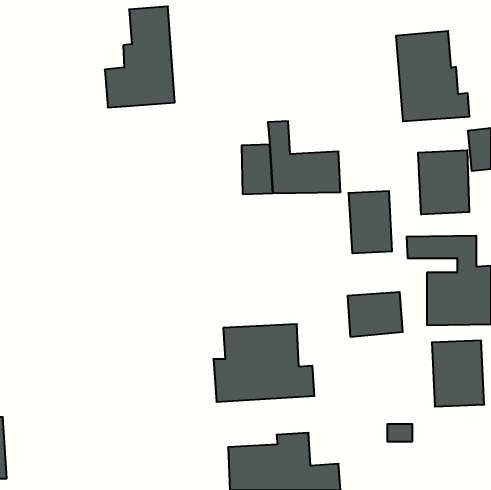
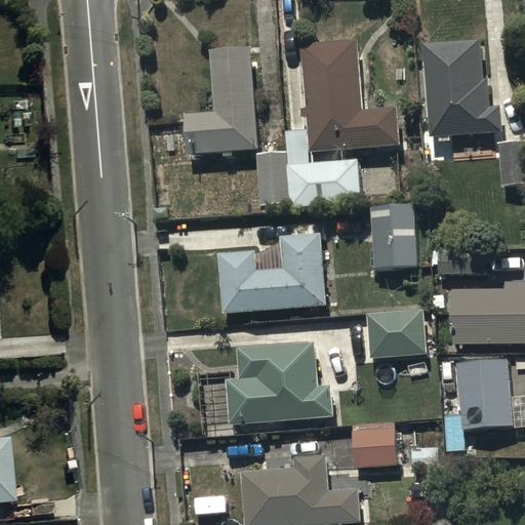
building: [105,6,175,107] -> [184,48,257,155]
building: none -> [300,40,399,153]
building: [418,150,469,215] -> none
building: none -> [217,235,326,315]
building: none -> [351,421,396,468]

